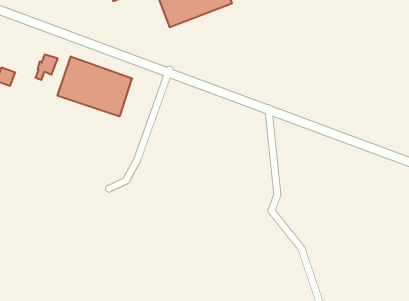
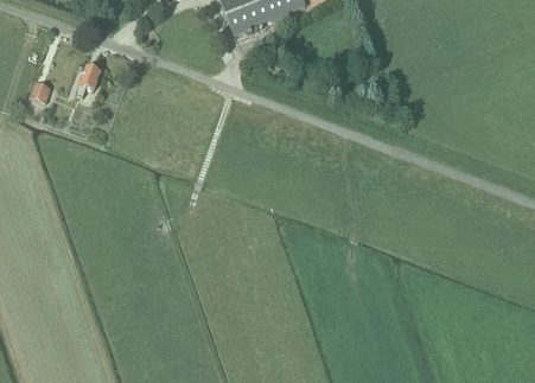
building: [58,56,132,116] -> none

